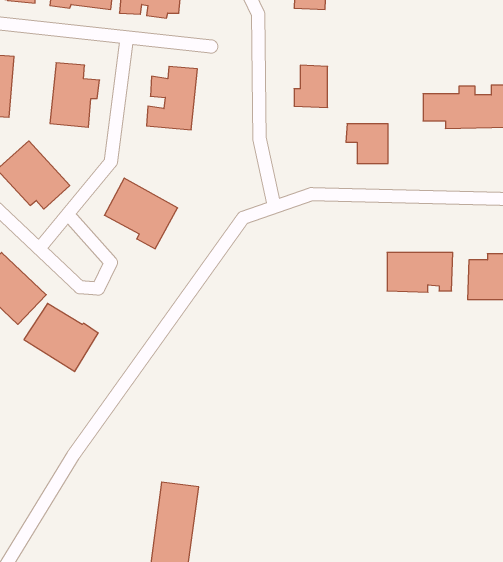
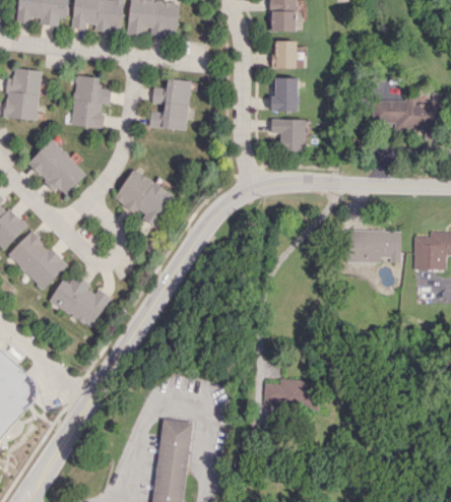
building: none -> [271,41,296,68]
building: [346,124,388,163] -> [270,119,305,151]
building: none -> [263,379,318,409]

